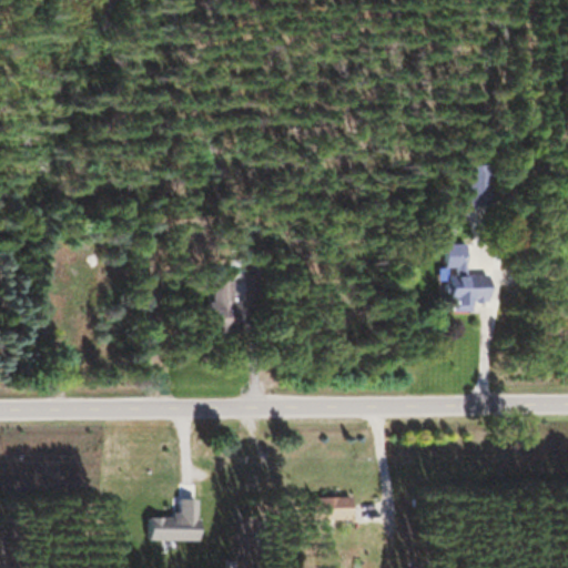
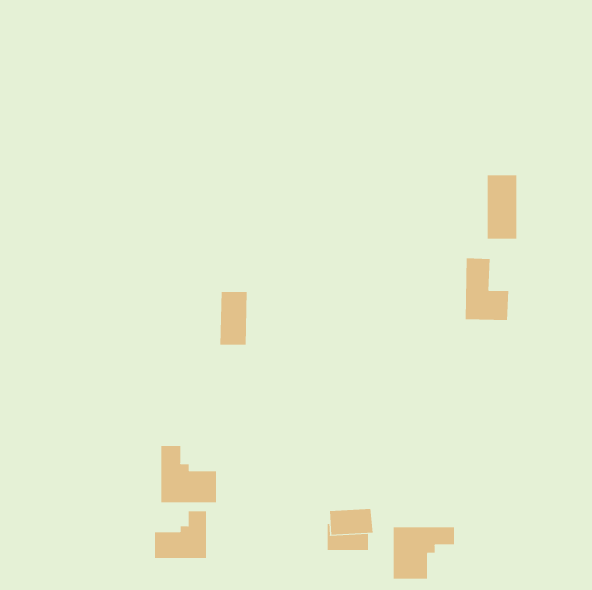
building: none -> [161,445,217,503]
building: none -> [393,526,454,579]

